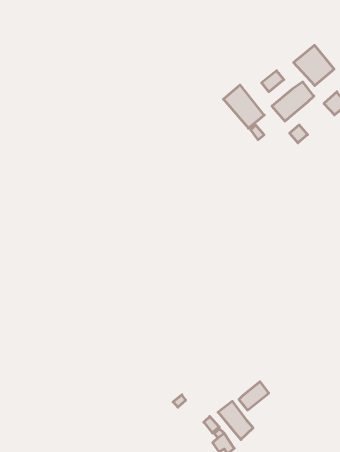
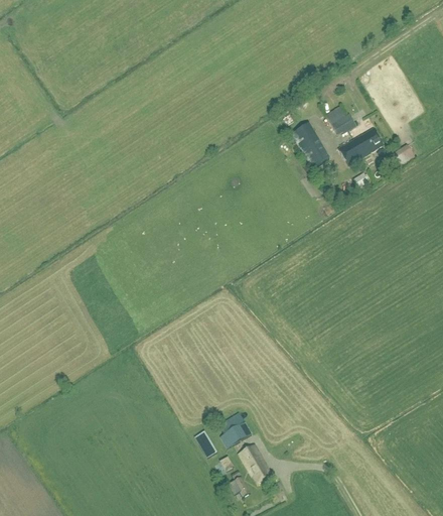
building: [294,45,334,86] -> none
building: [239,382,269,410] -> [218,420,250,447]

